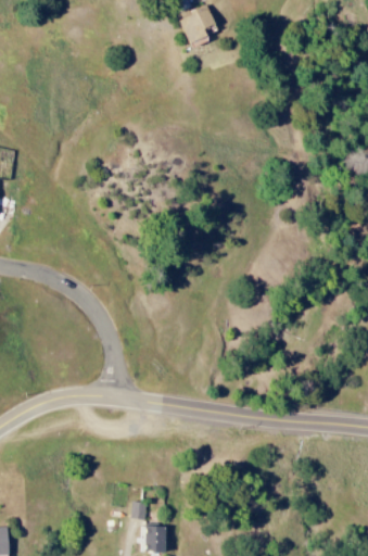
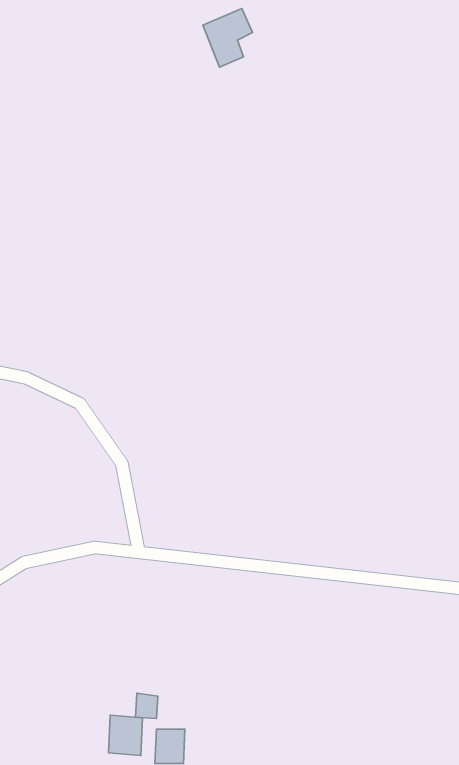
building: none -> [108,715,143,756]

